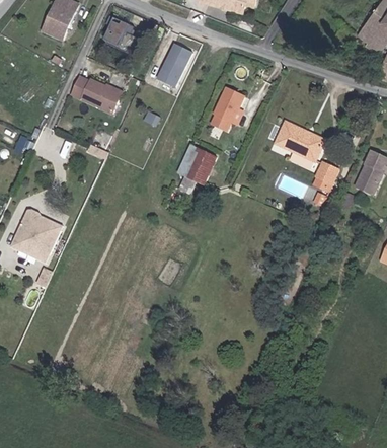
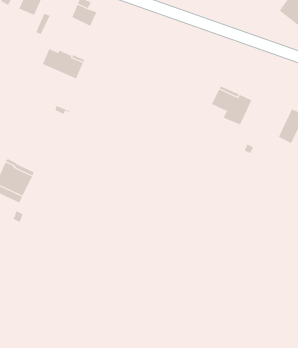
building: [157,40,192,82] -> none
building: [215,85,245,122] -> none
building: [168,144,217,200] -> none
building: [313,160,340,191] -> none

